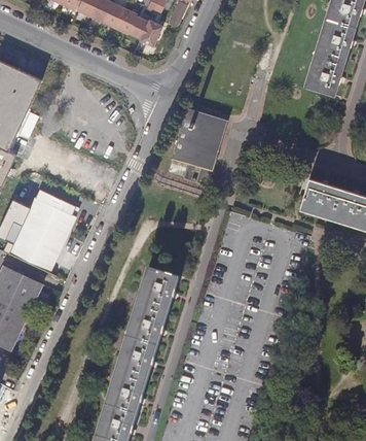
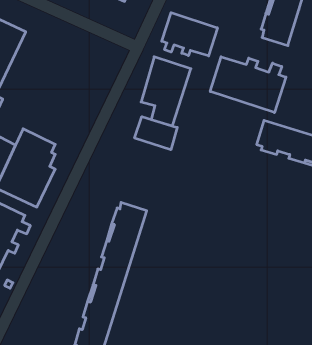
building: none -> [162,13,217,56]
building: none -> [210,57,286,113]
building: none -> [135,117,177,150]

